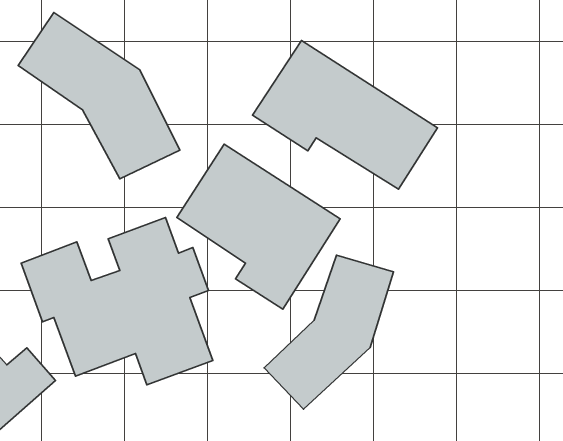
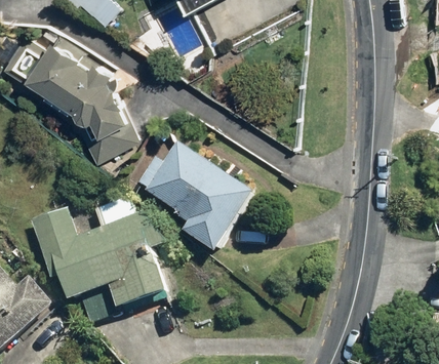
building: [253,40,437,189] -> none
building: [264,255,393,409] -> none

